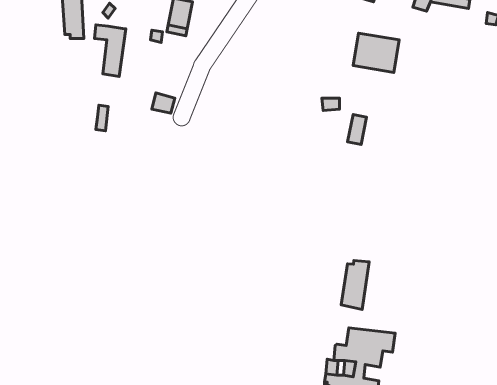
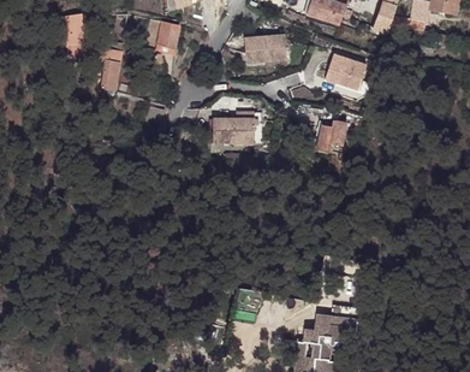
building: none -> [242,33,286,63]
building: none -> [208,113,252,147]
building: [341,260,369,310] -> none

